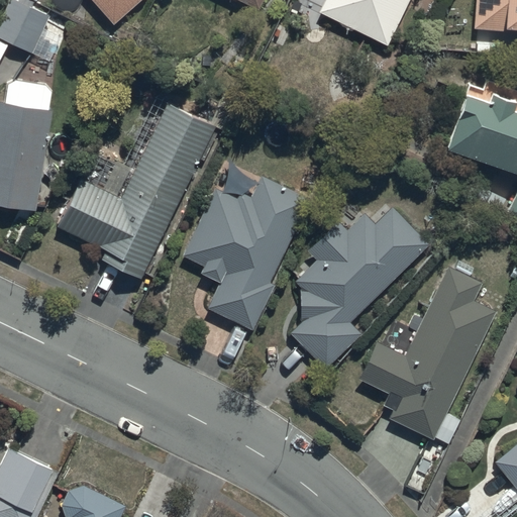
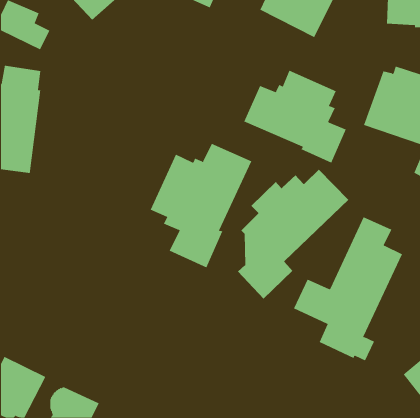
building: none -> [243,70,347,164]
building: [57,95,215,280] -> none

